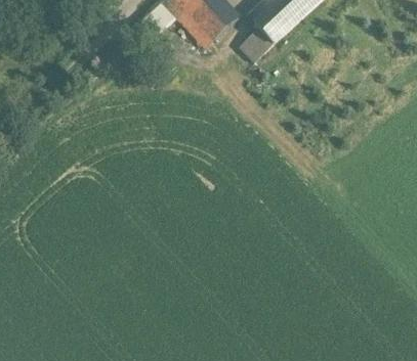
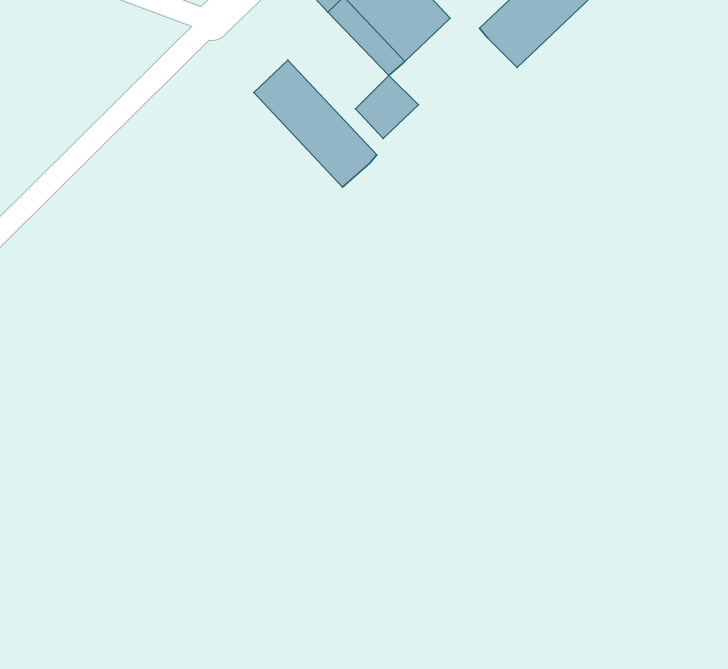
building: [240,28,273,60] -> [355,75,419,138]
building: none -> [254,60,377,187]

